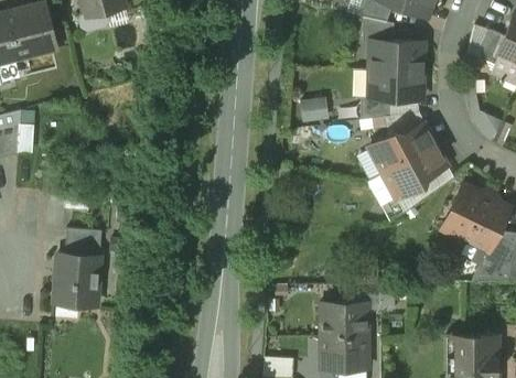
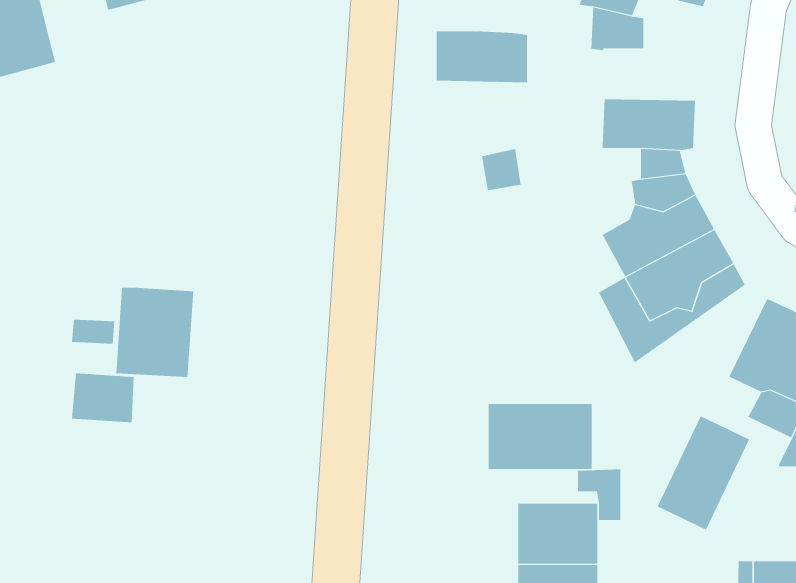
building: [370,41,423,71] -> [436,31,528,83]
building: [361,97,391,120] -> none
building: none -> [488,403,592,470]
building: none -> [657,416,750,530]
building: [54,253,99,305] -> [115,287,194,377]

